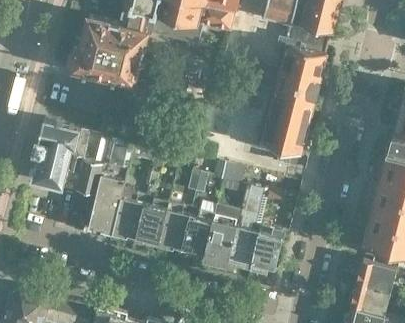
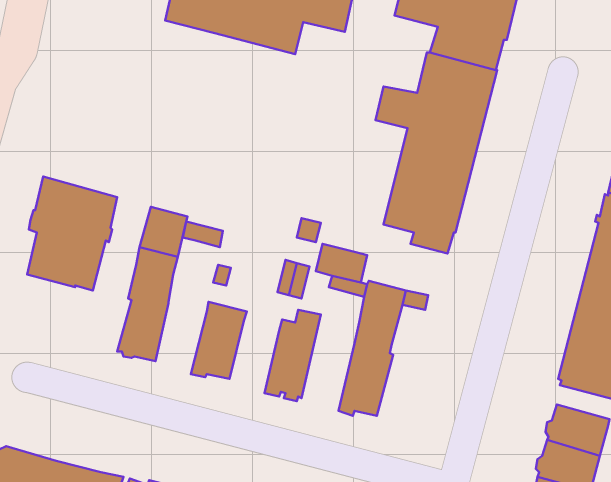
building: [68,16,150,87] -> none
building: [74,132,110,195] -> none
building: [113,191,146,242] -> none
building: [159,203,192,254] -> none
building: [204,204,240,265] -> none
building: [251,224,285,272] -> none

